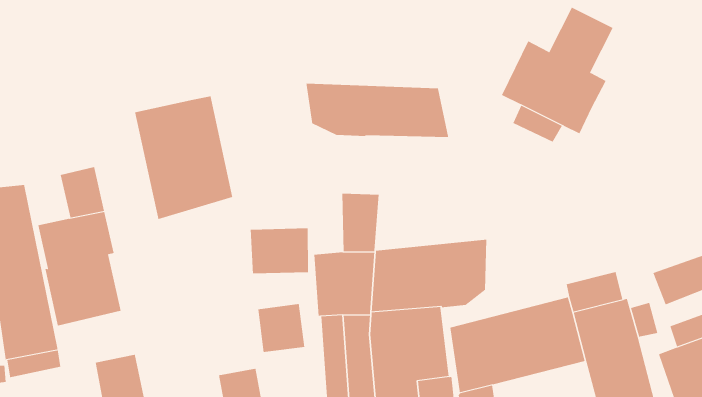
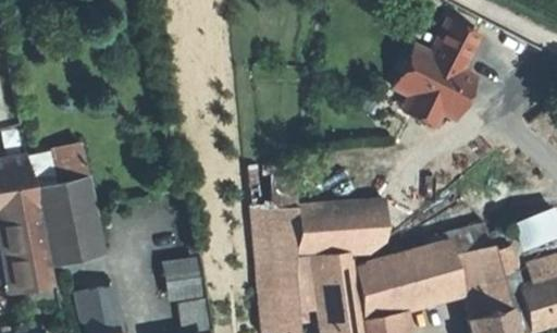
building: [306,83,449,138] -> none
building: [134,95,233,220] -> none
building: [250,228,308,274] -> none
building: [257,304,305,353] -> [165,260,202,298]

